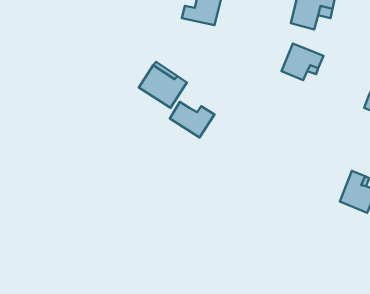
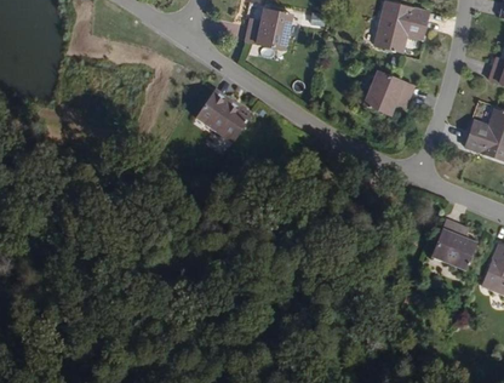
building: [170,102,214,138] -> none

